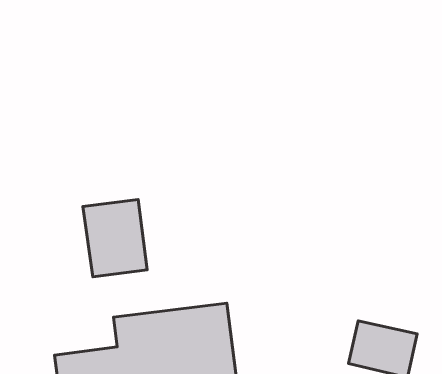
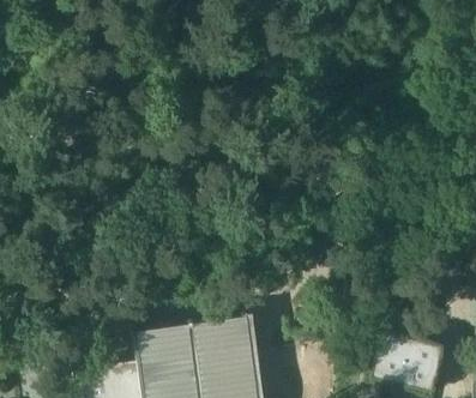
building: [83,200,147,277] -> none

